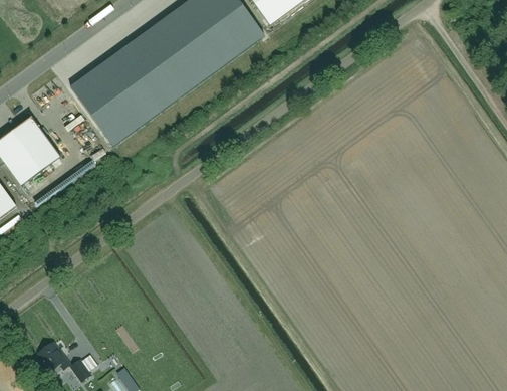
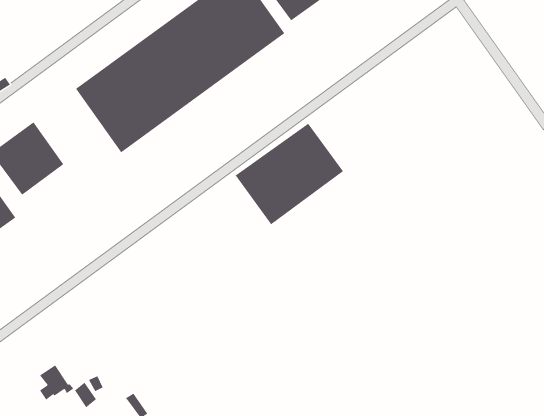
building: none -> [235,123,344,225]

